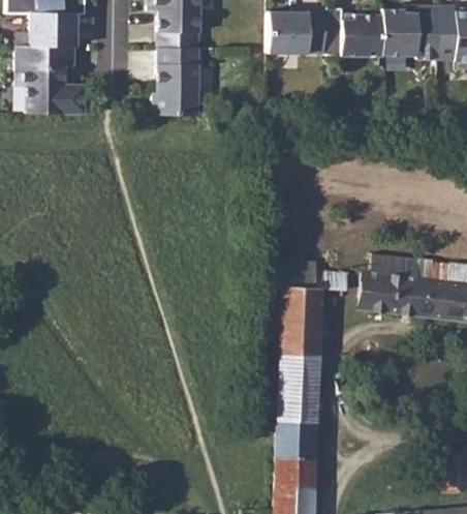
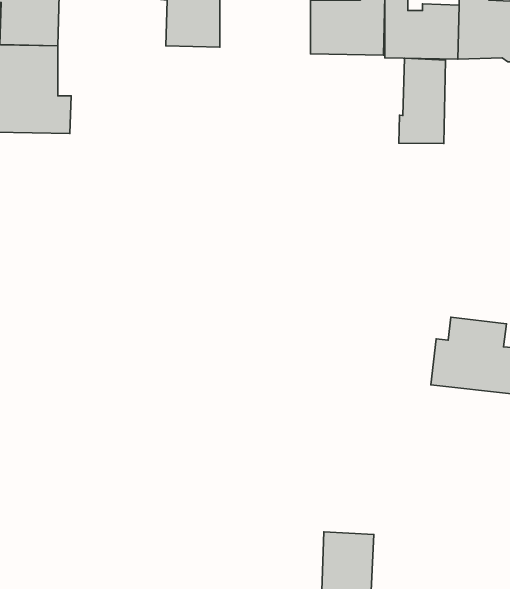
building: [153,47,199,115] -> none
building: none -> [399,58,445,144]
building: [274,258,349,421] -> none

